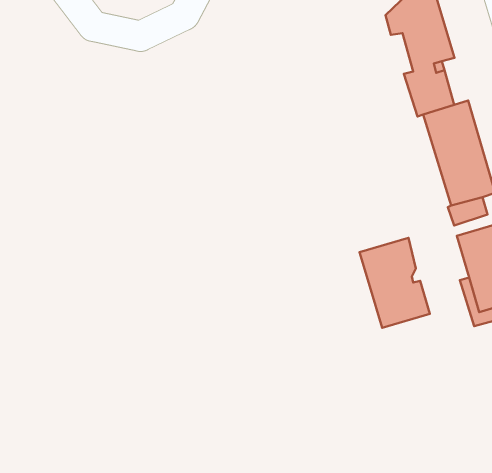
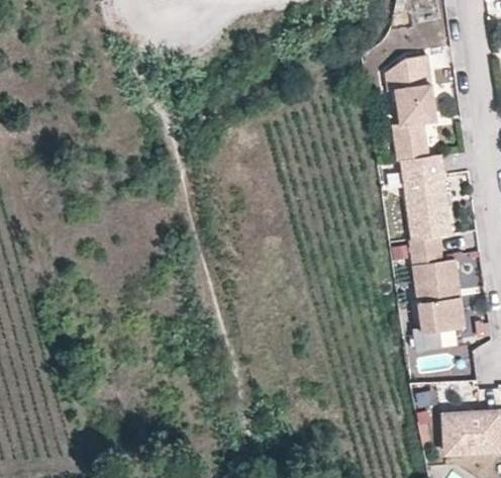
building: [360,238,430,328] -> none

